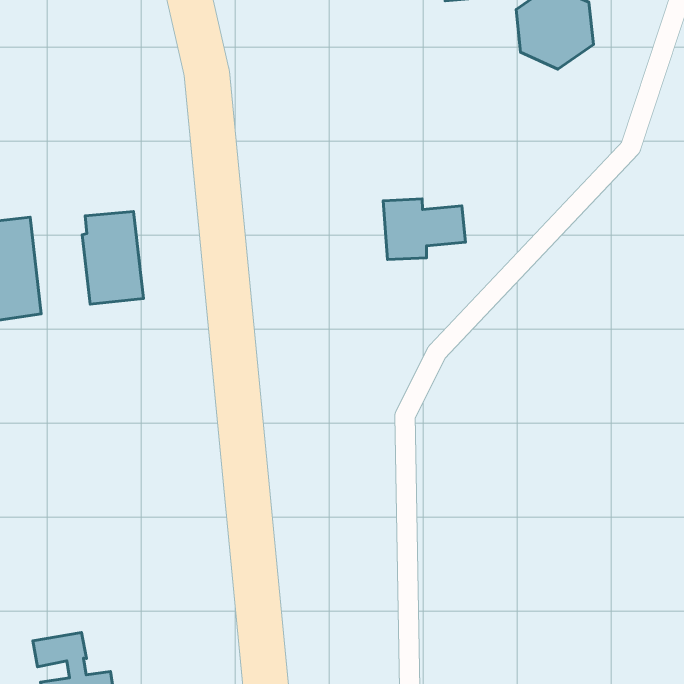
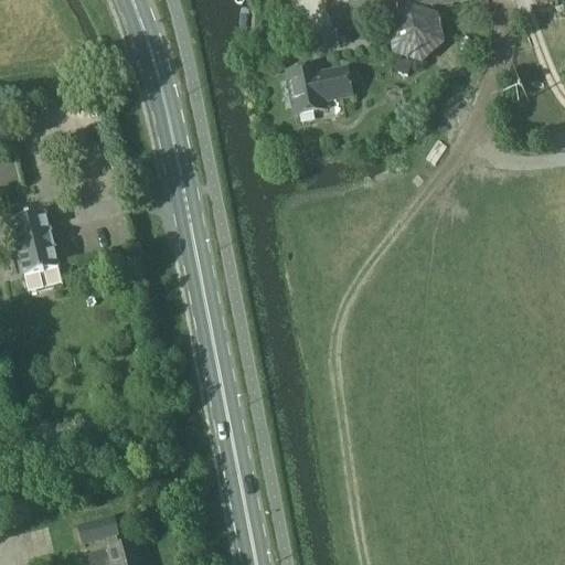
building: [383,199,466,260] -> [287,63,351,110]
building: [82,211,143,304] -> none

